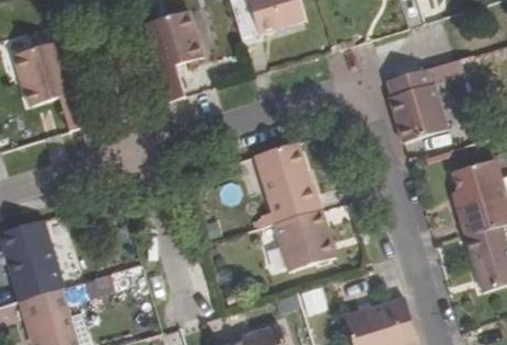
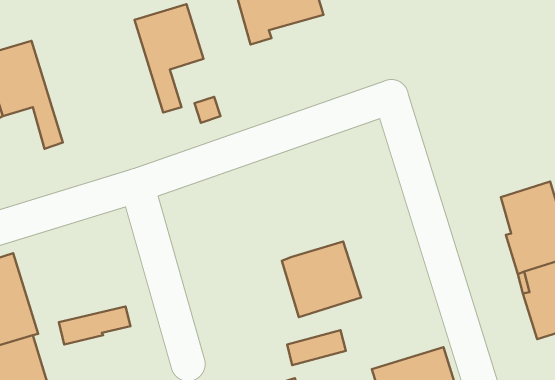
building: [387,58,463,142] -> none
building: [255,142,320,222] -> none

